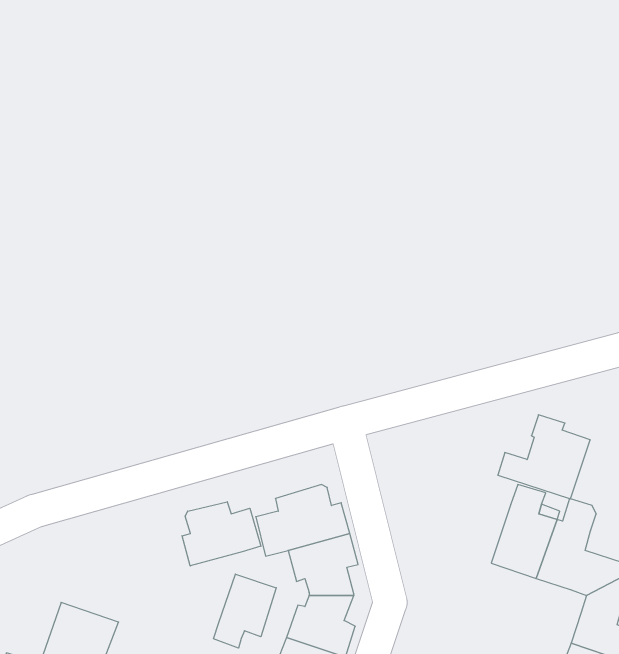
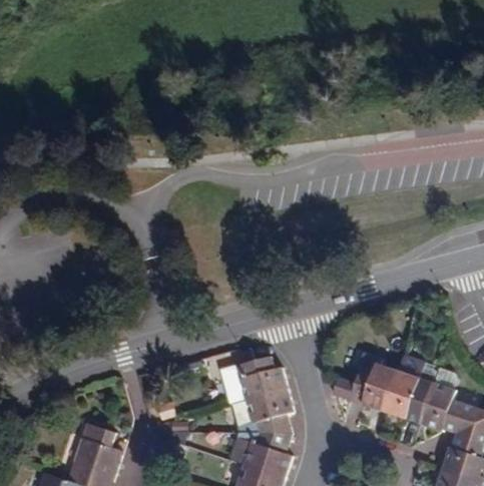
building: [498,415,590,499] -> [337,352,403,412]
building: [182,502,261,566] -> none
building: [214,574,276,648] -> none

